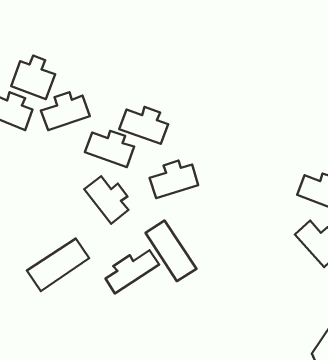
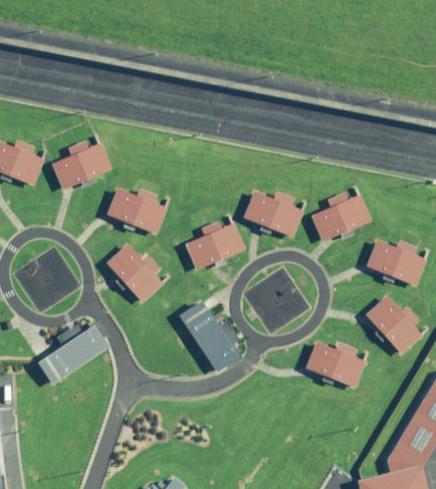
building: [11,55,55,99] -> none
building: [119,107,168,144] -> [244,191,304,236]
building: none -> [314,194,374,240]
building: [106,250,159,293] -> none
building: none -> [305,342,365,388]

